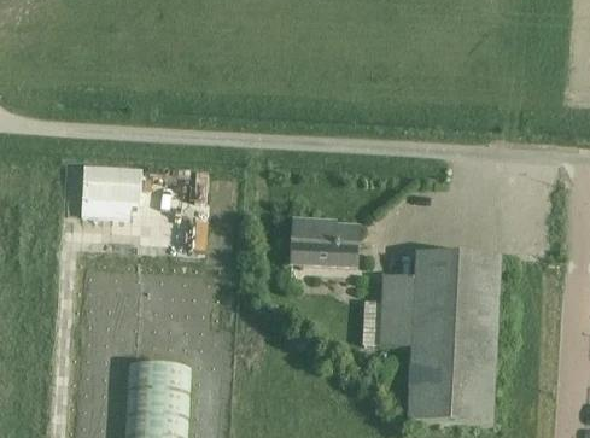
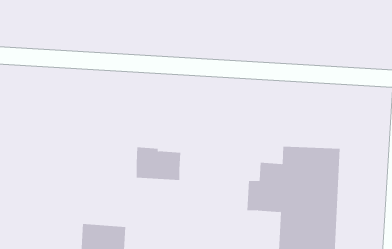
building: [80,167,140,216] -> none
building: [291,217,356,265] -> [136,147,181,180]

